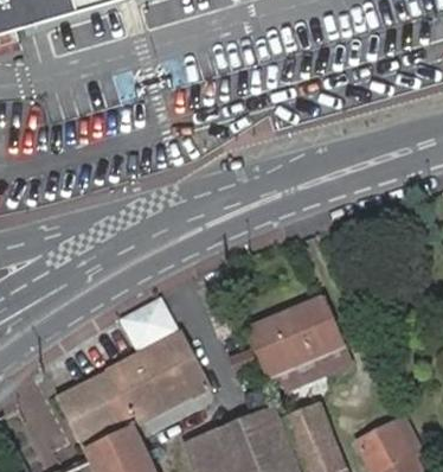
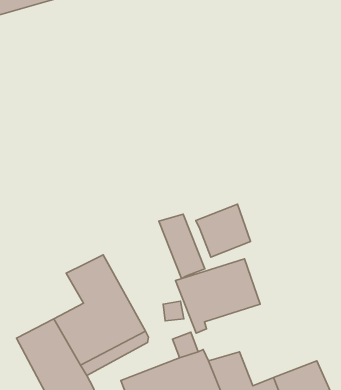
building: none -> [196,204,250,257]
building: none -> [159,214,205,279]

